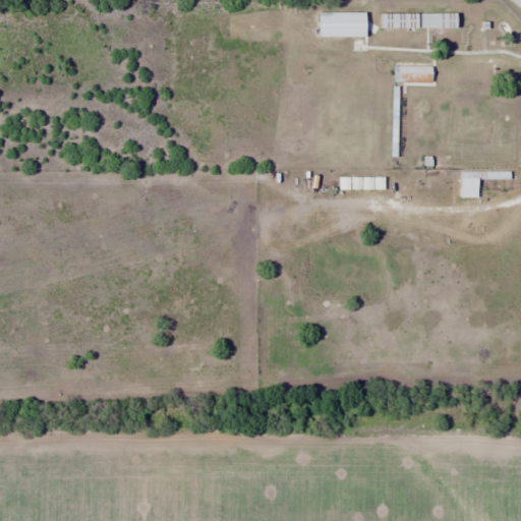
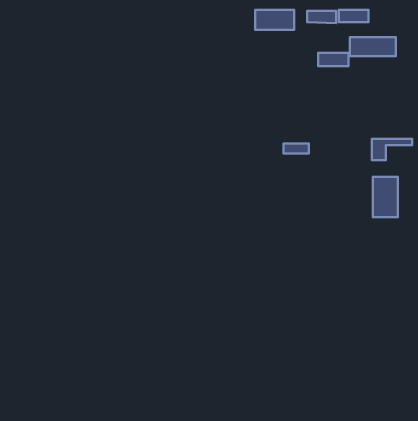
building: none -> [350,37,396,56]
building: none -> [373,177,398,217]

